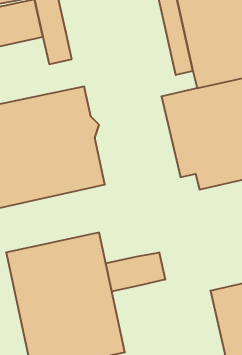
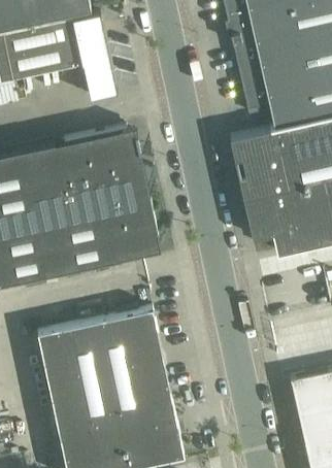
building: [106,252,165,291] -> none

